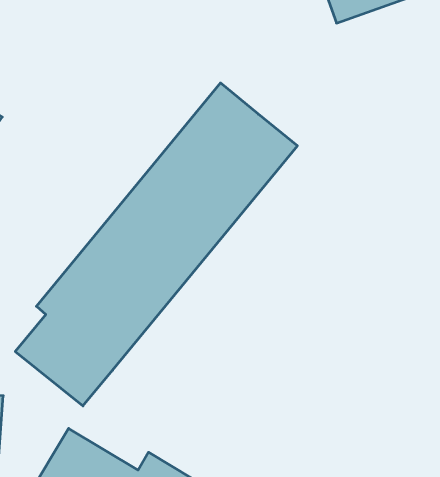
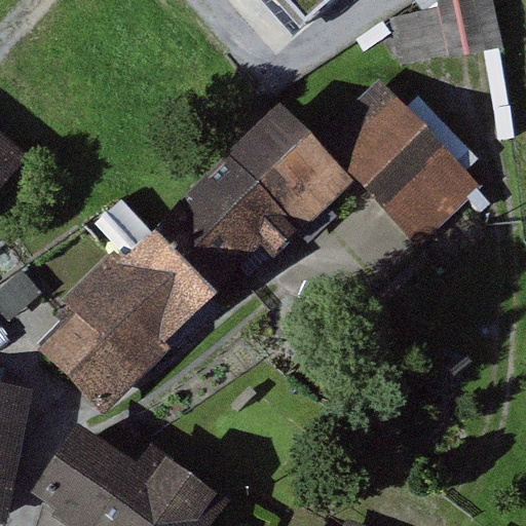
building: none -> [310,77,467,235]

